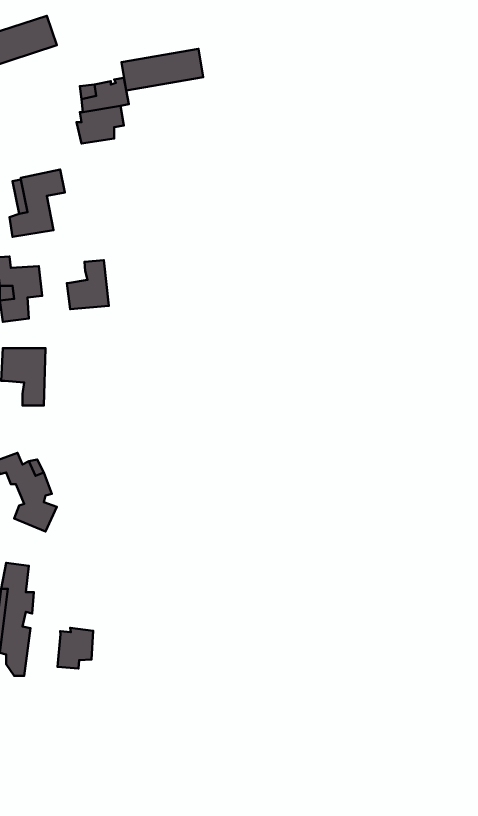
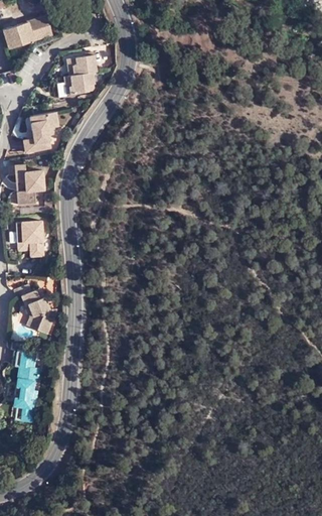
building: [122,49,203,91] -> none
building: [67,260,109,309] -> none
building: [58,628,93,669] -> none

